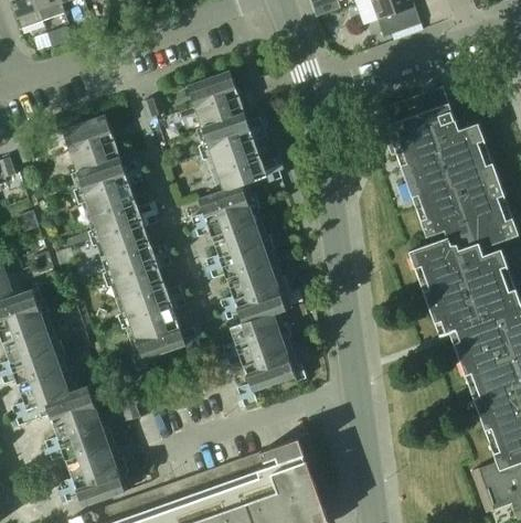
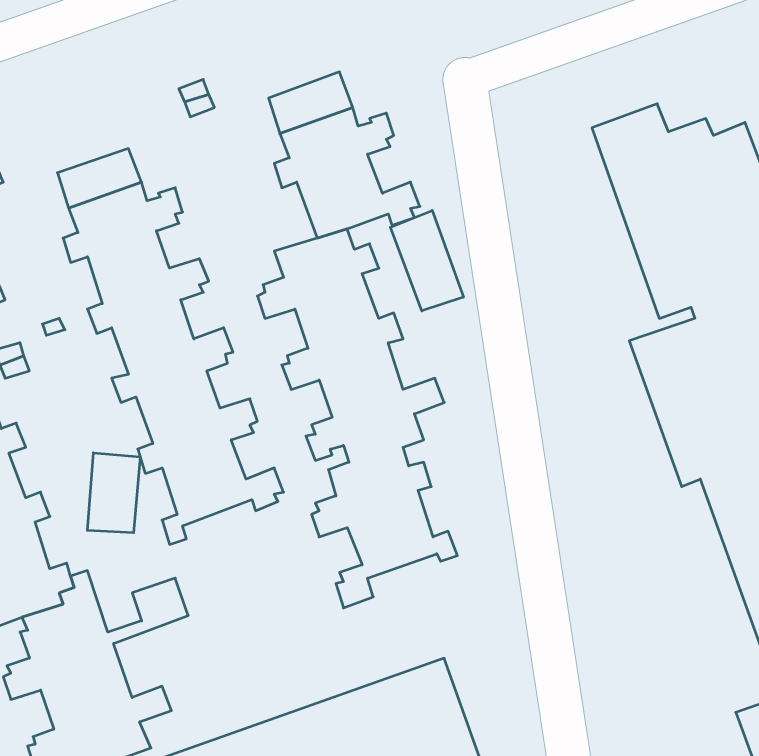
building: [188,71,237,107] -> none
building: [63,115,113,151] -> none
building: none -> [390,210,463,311]
building: none -> [87,453,140,533]

